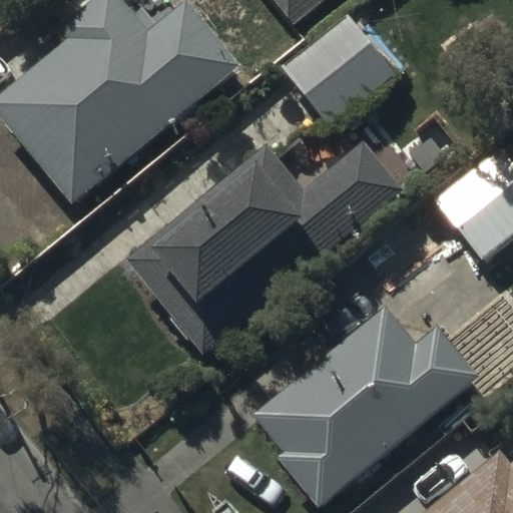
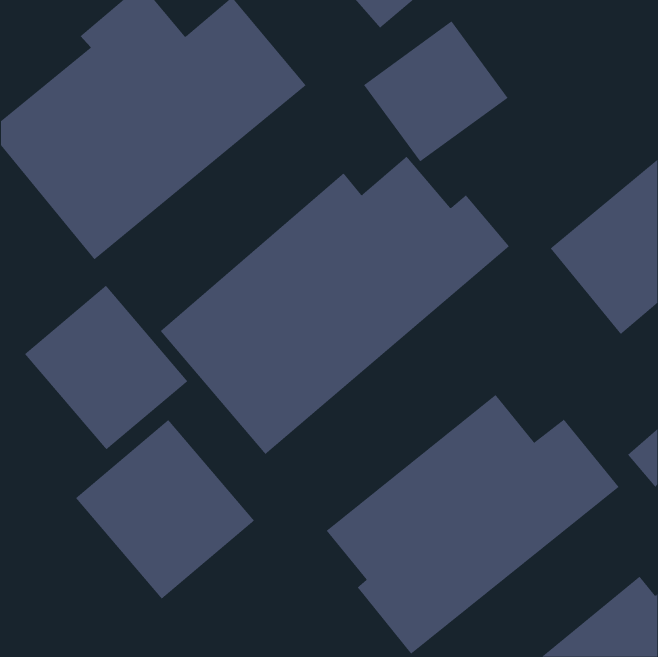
building: none -> [24,285,188,450]
building: none -> [75,419,255,599]

